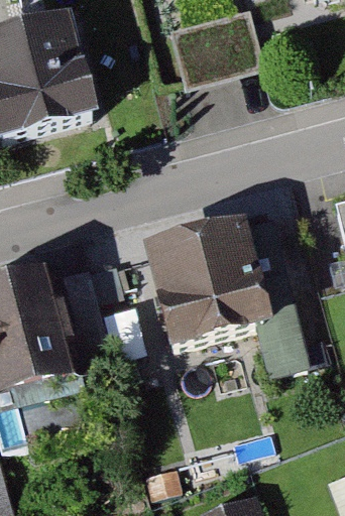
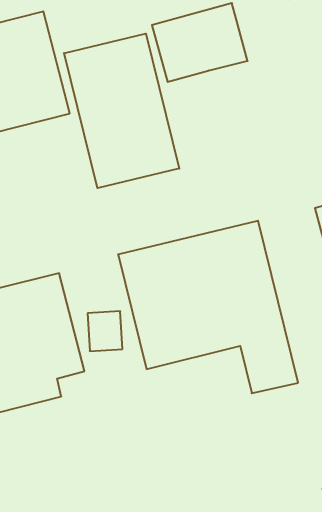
building: none -> [64,34,179,188]

